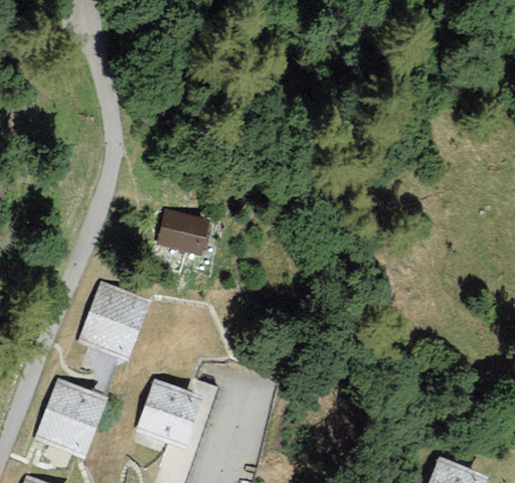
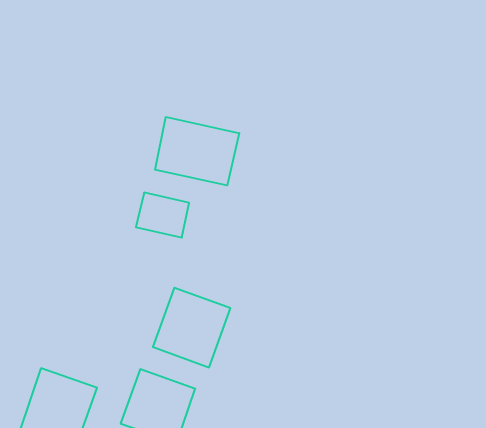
building: none -> [155,117,239,185]
building: [77,285,154,363] -> [153,288,230,367]

